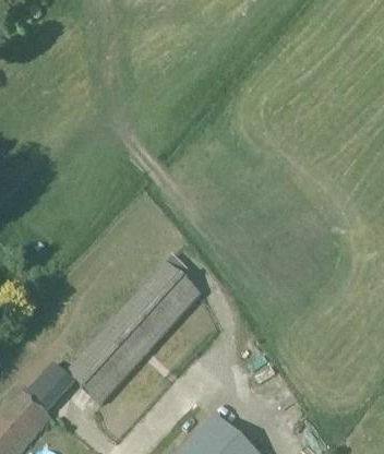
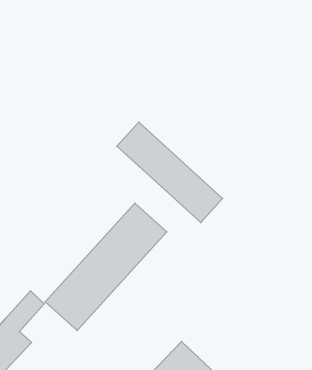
building: none -> [117,122,223,222]

